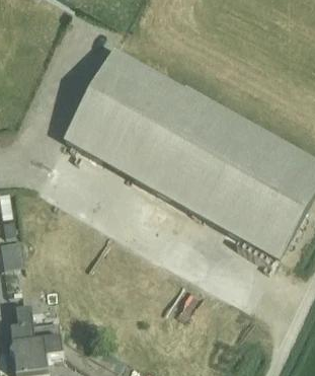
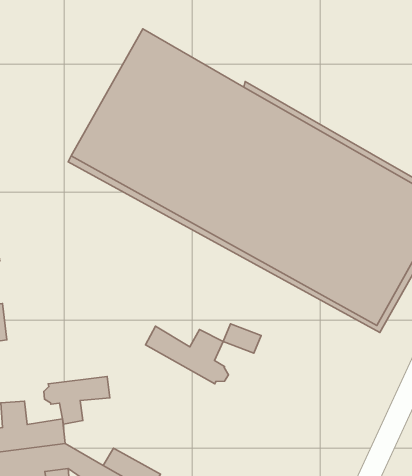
building: none -> [145,326,228,384]
building: none -> [44,377,110,424]

